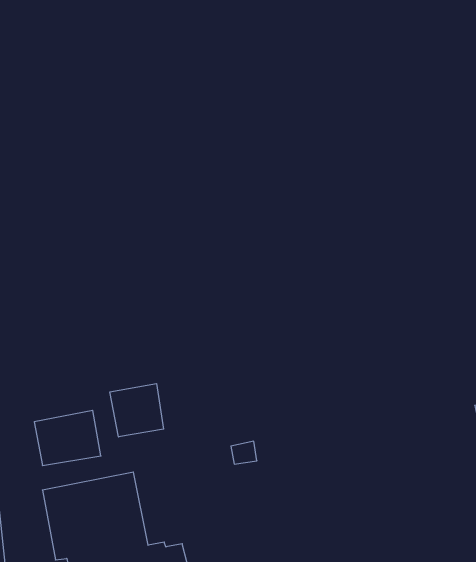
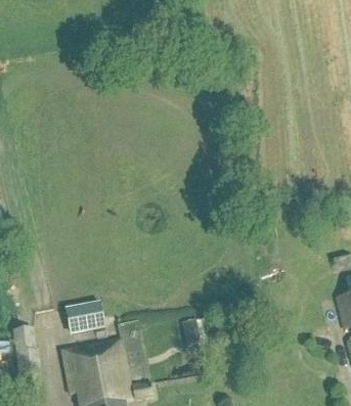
building: [110,384,164,437] -> none

